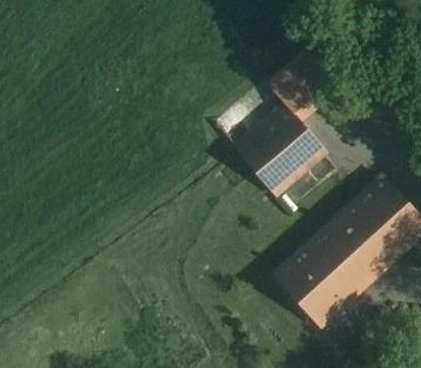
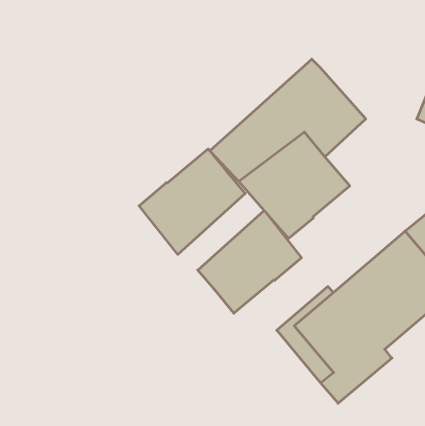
building: none -> [139,149,245,254]
building: none -> [198,211,301,313]

